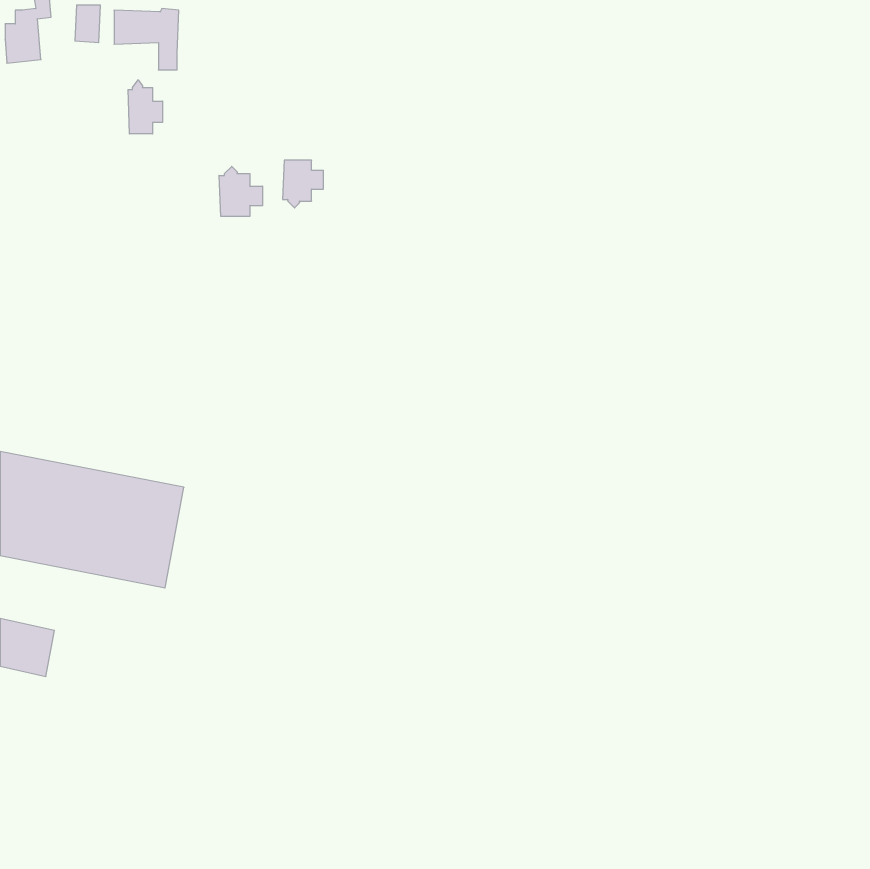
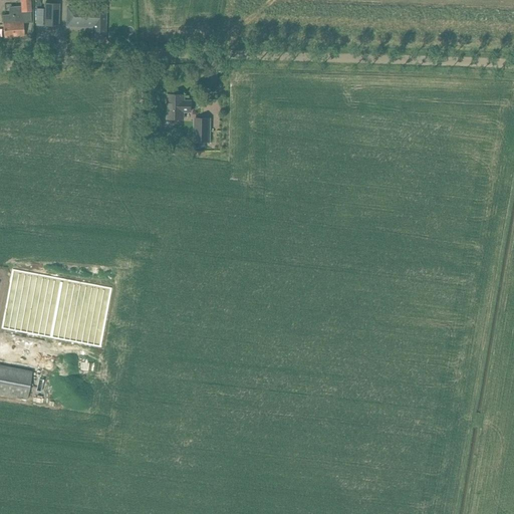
building: [128,80,163,134] -> none
building: [219,166,262,216] -> none
building: none -> [194,117,210,146]

